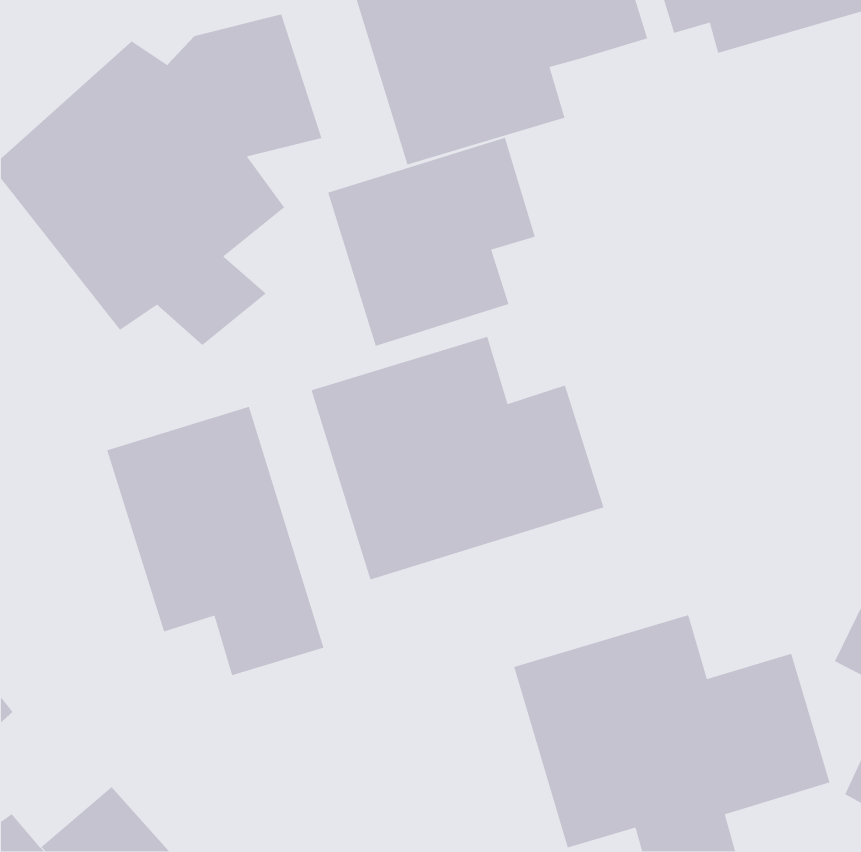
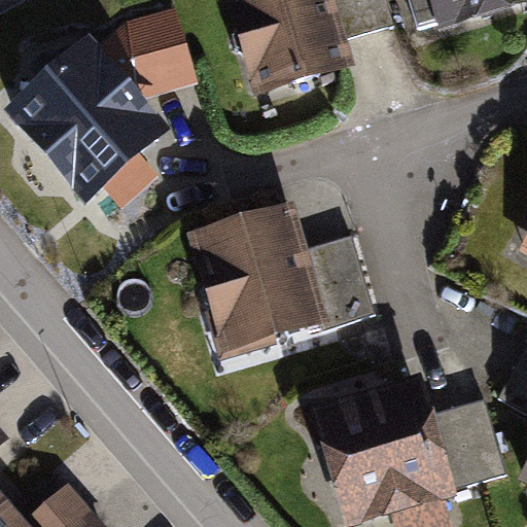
building: [327,137,536,347] -> none
building: [106,406,325,676] -> none

